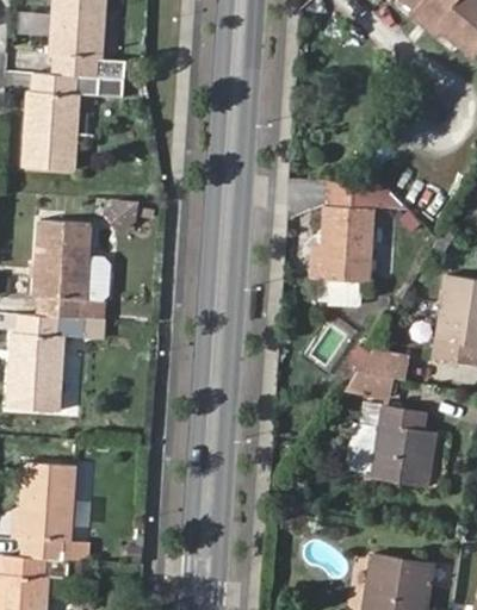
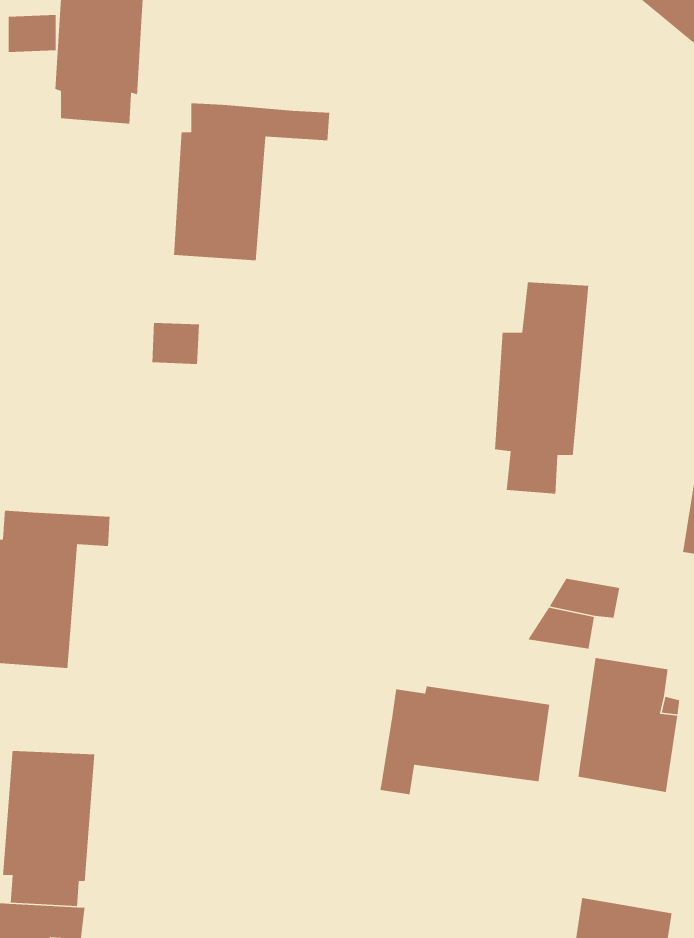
building: [23,73,119,170] -> [173,102,330,261]
building: [33,222,91,318] -> none
building: none -> [379,686,550,795]

